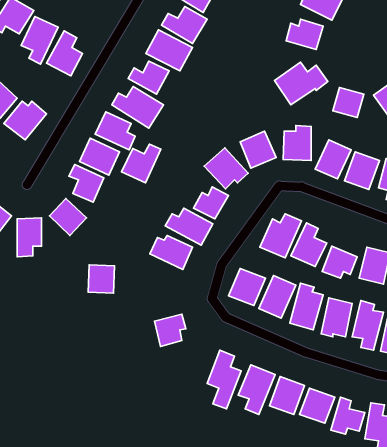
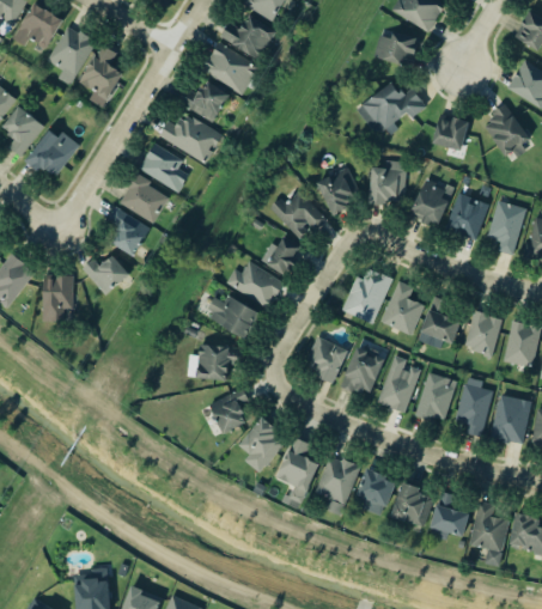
building: [122,144,161,183] -> none
building: [88,265,114,293] -> [197,345,230,379]
building: none -> [239,418,287,473]

